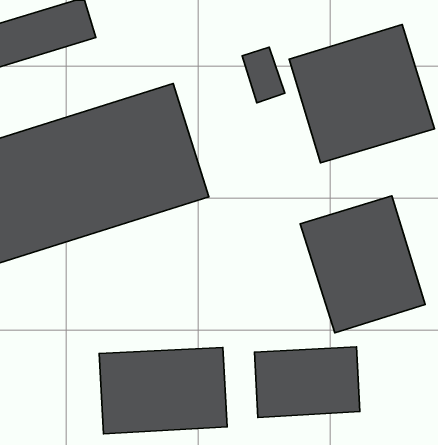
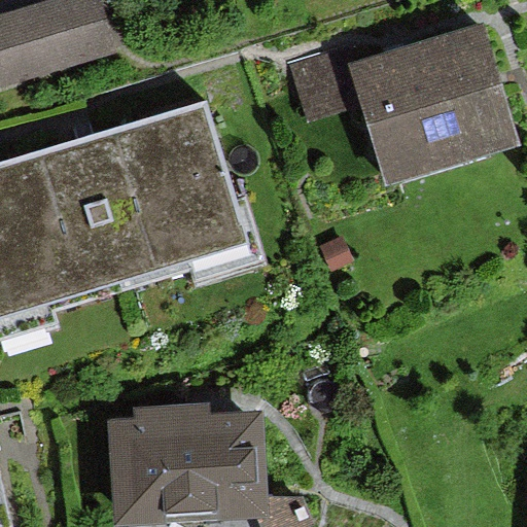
building: [300,196,425,333] -> none
building: [254,347,360,418] -> none

